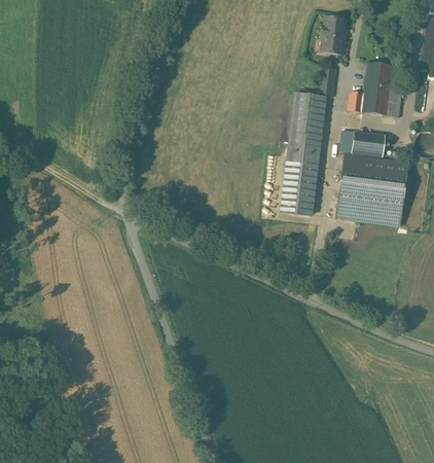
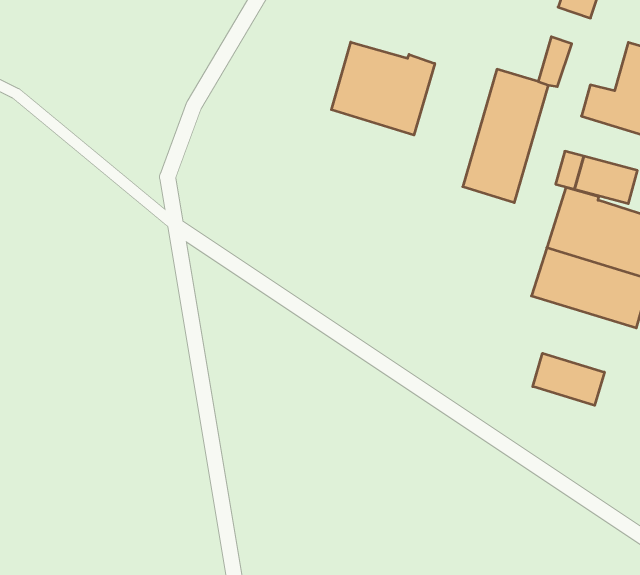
building: none -> [331,42,435,135]
building: [281,161,318,212] -> none
building: none -> [533,353,604,405]

